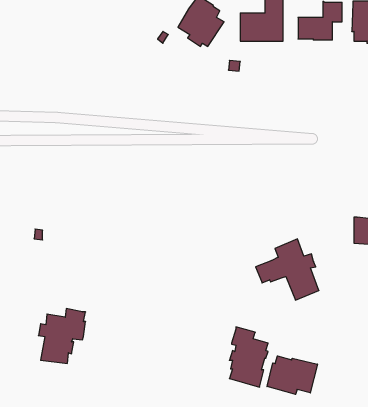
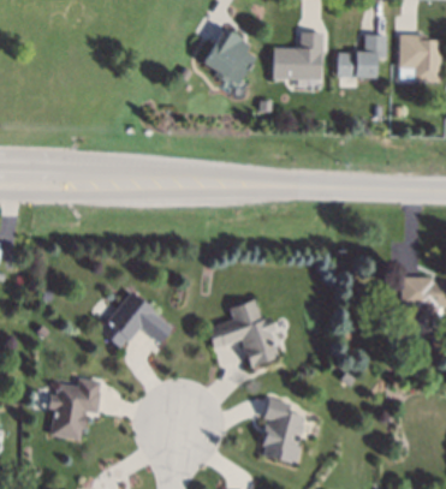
building: none -> [97,290,172,347]
building: [256,239,319,300] -> [207,298,278,366]
building: [267,356,317,394] -> none

